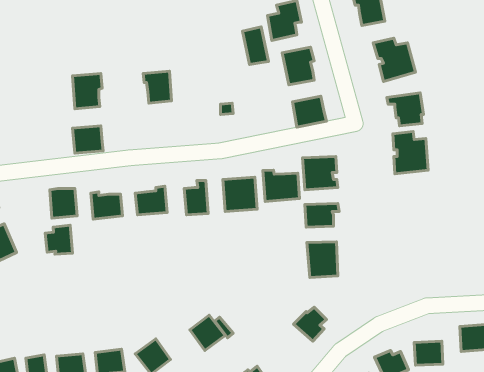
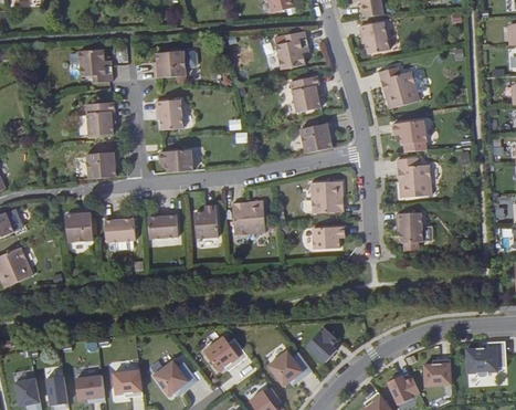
building: none -> [82,49,115,84]
building: none -> [158,51,189,78]
building: [243,27,269,65] -> none
building: none -> [162,150,197,174]
building: [263,170,299,201] -> none
building: none -> [399,206,425,244]
building: [45,225,73,254] -> none
building: [307,242,338,278] -> none
building: none -> [265,350,301,386]

